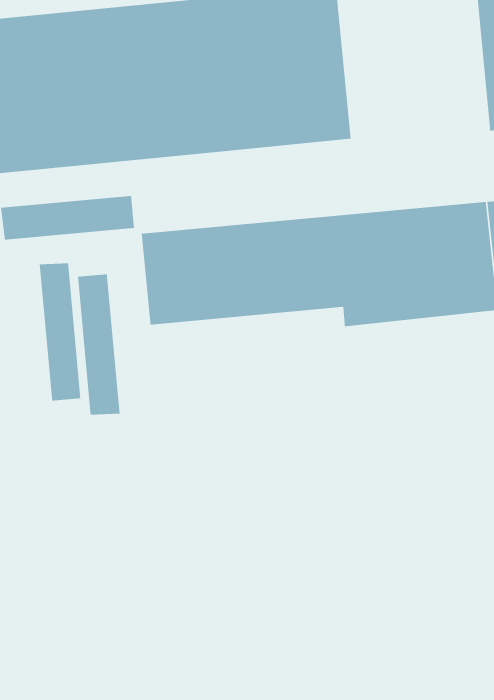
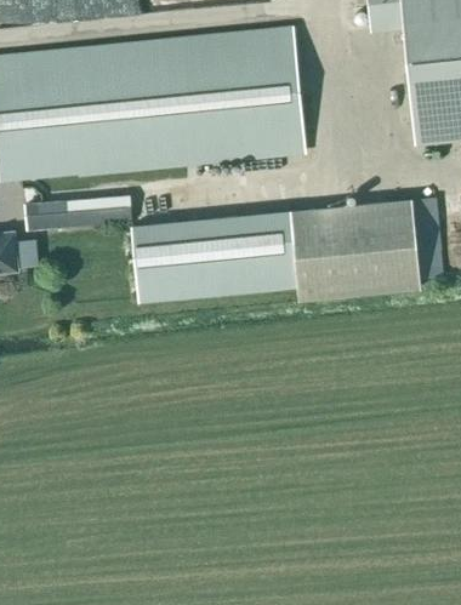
building: [39,263,81,401] -> none
building: [77,273,121,416] -> none

